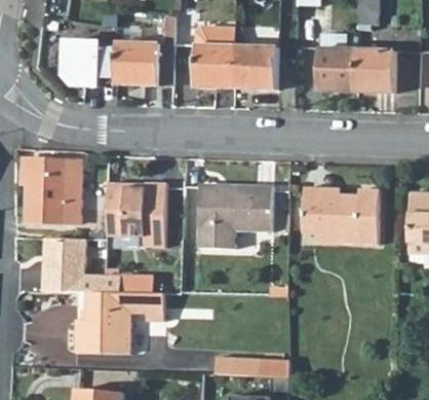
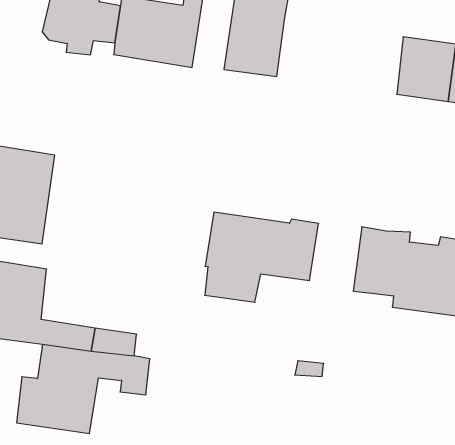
building: [232,45,277,88] -> none
building: [105,183,164,248] -> none

